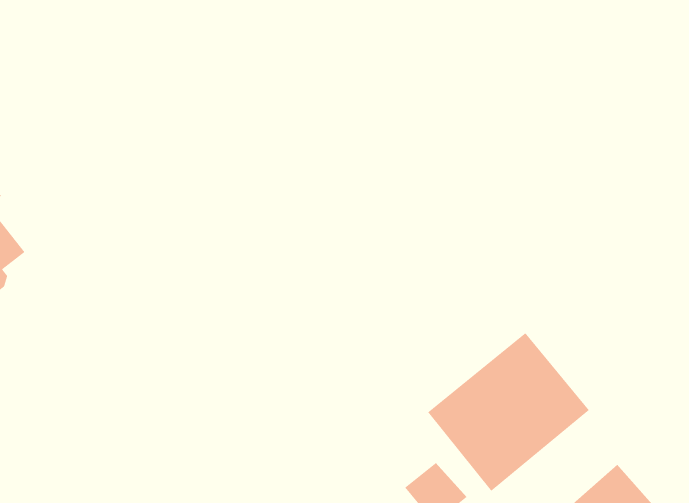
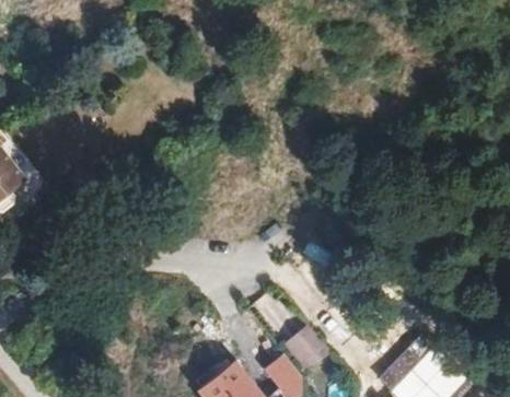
building: [427,332,590,492] -> none

